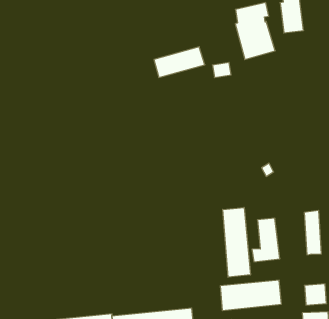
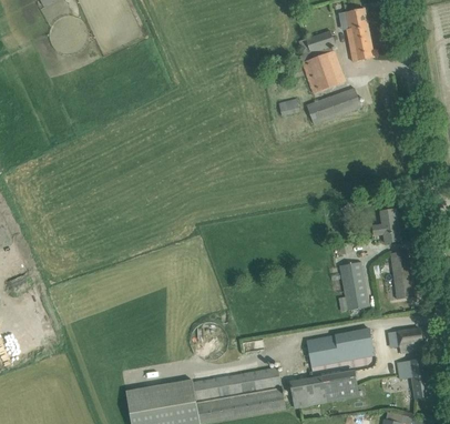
building: [154,47,205,77] -> [306,88,361,124]
building: none -> [371,209,400,242]
building: [223,207,250,277] -> none

